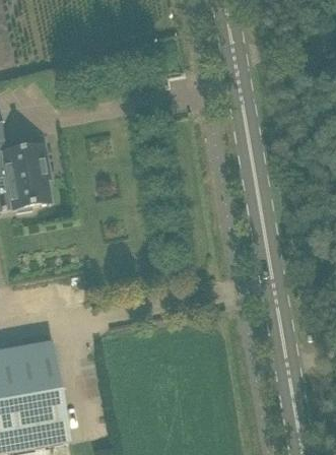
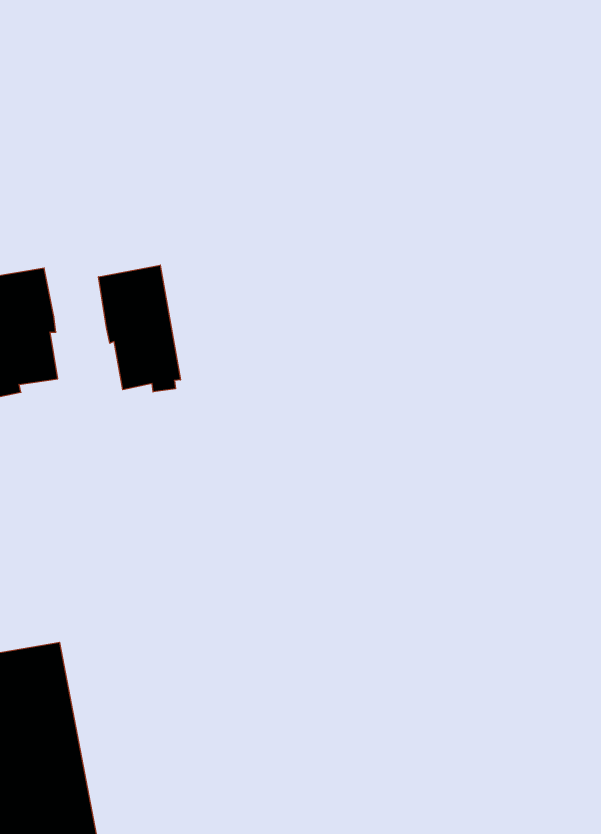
building: none -> [99,265,180,392]

